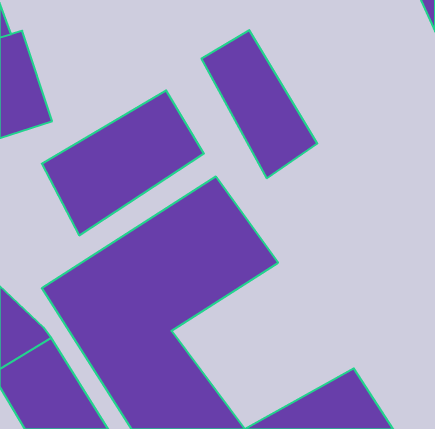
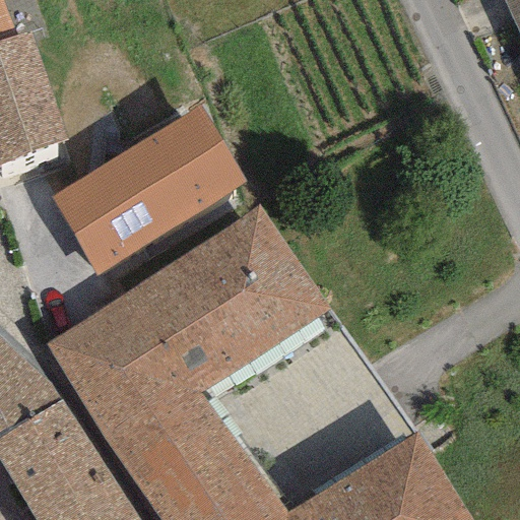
building: [202,30,317,178] -> none

